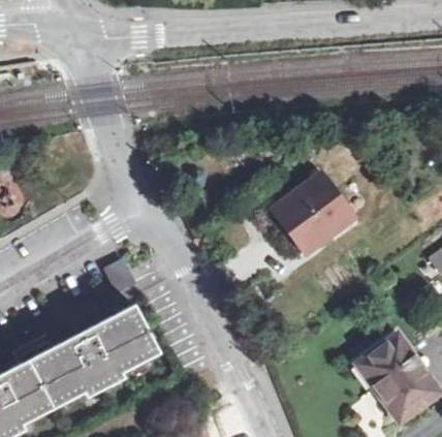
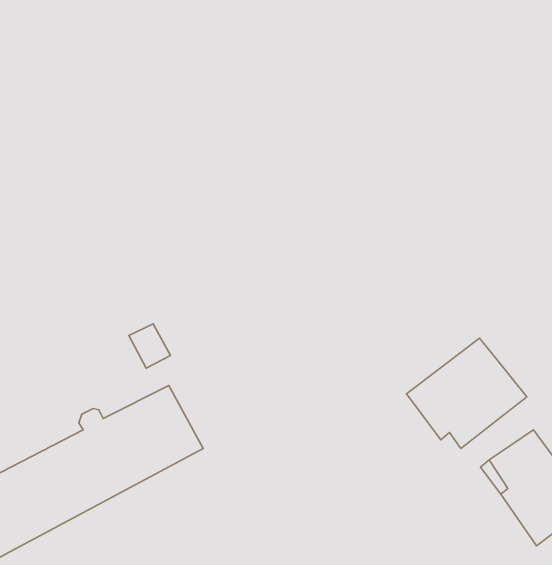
building: [269,175,355,254] -> [407,338,527,448]

